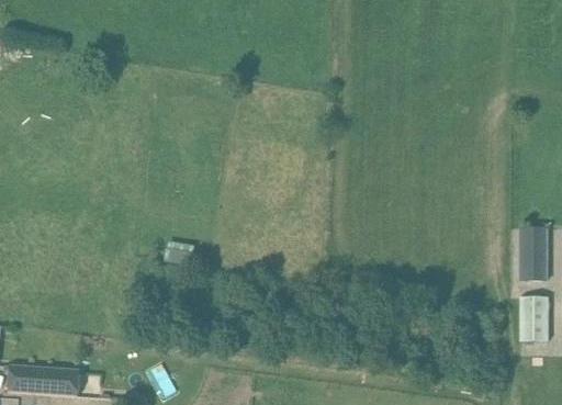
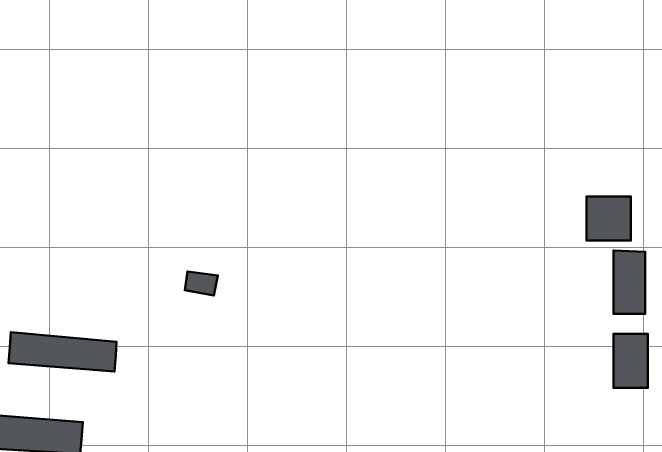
building: none -> [587,196,631,240]
building: none -> [8,332,117,372]

